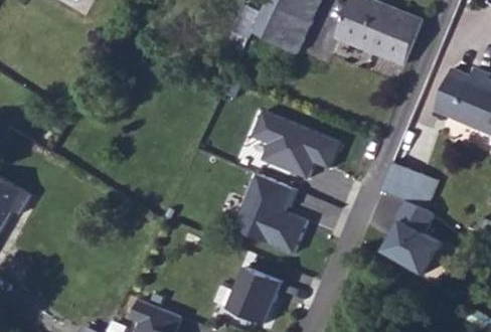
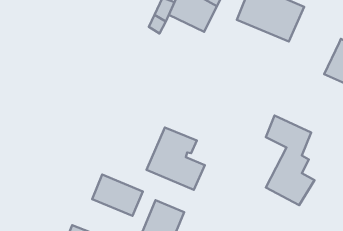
building: [436,60,473,108] -> none
building: [250,112,337,179] -> none
building: none -> [92,175,143,216]

